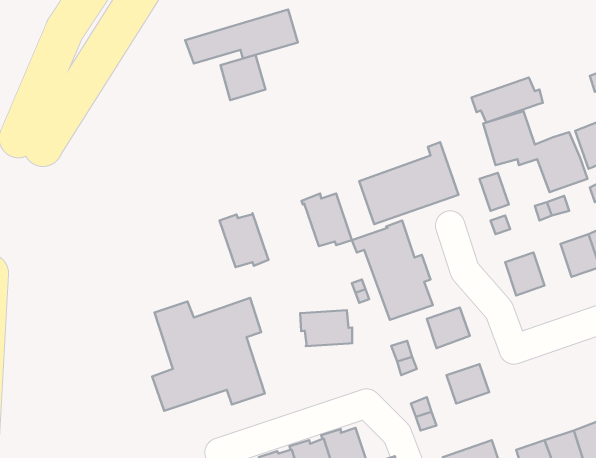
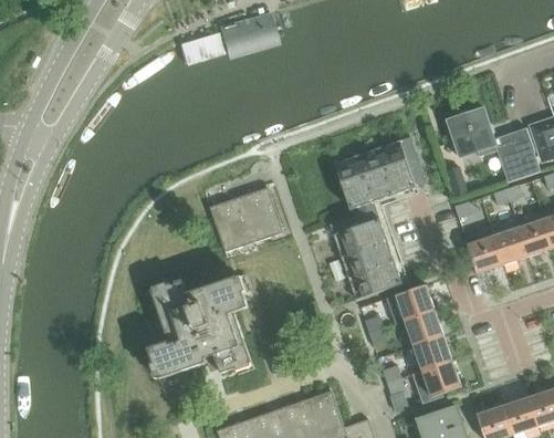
building: [220,55,265,100] -> none
building: [472,77,543,123] -> none
building: [302,194,352,246] -> [237,191,282,239]
building: none -> [492,228,526,265]
building: [300,310,352,346] -> none
building: none -> [405,311,443,346]
building: none -> [411,362,461,404]

